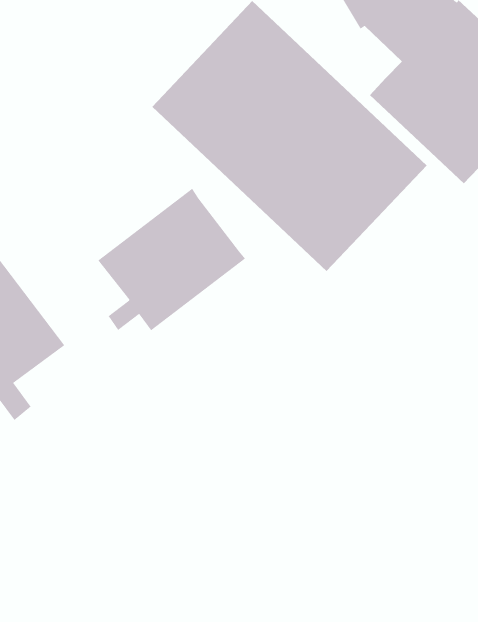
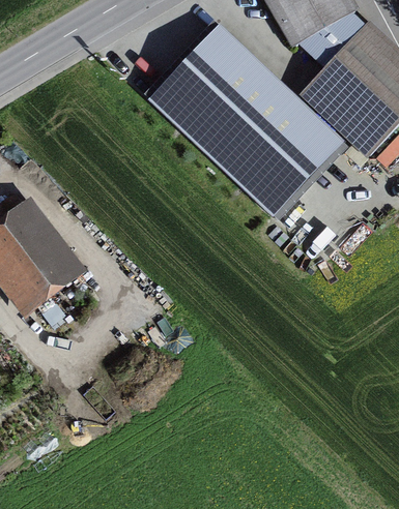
building: [98,188,246,331] -> none

